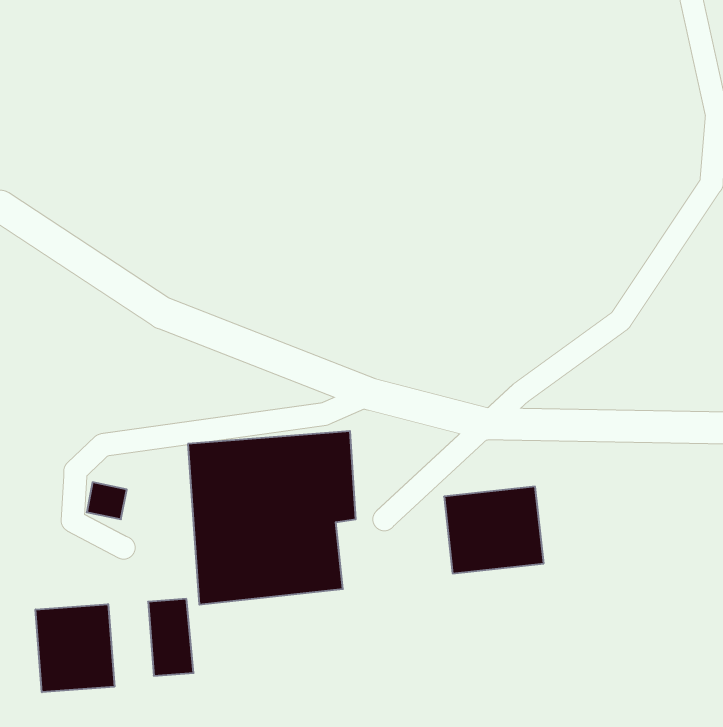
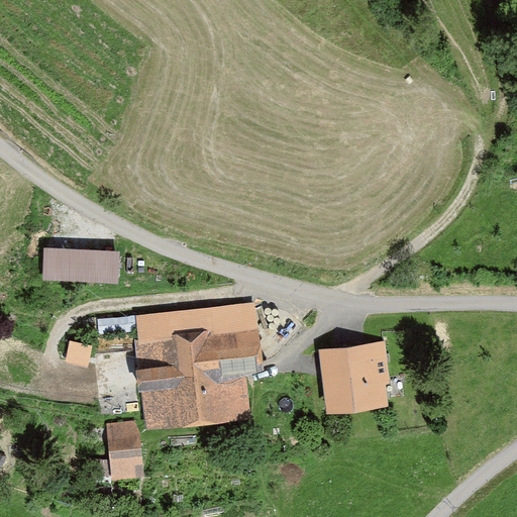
building: none -> [50,249,117,280]
building: [36,604,114,692] -> none

